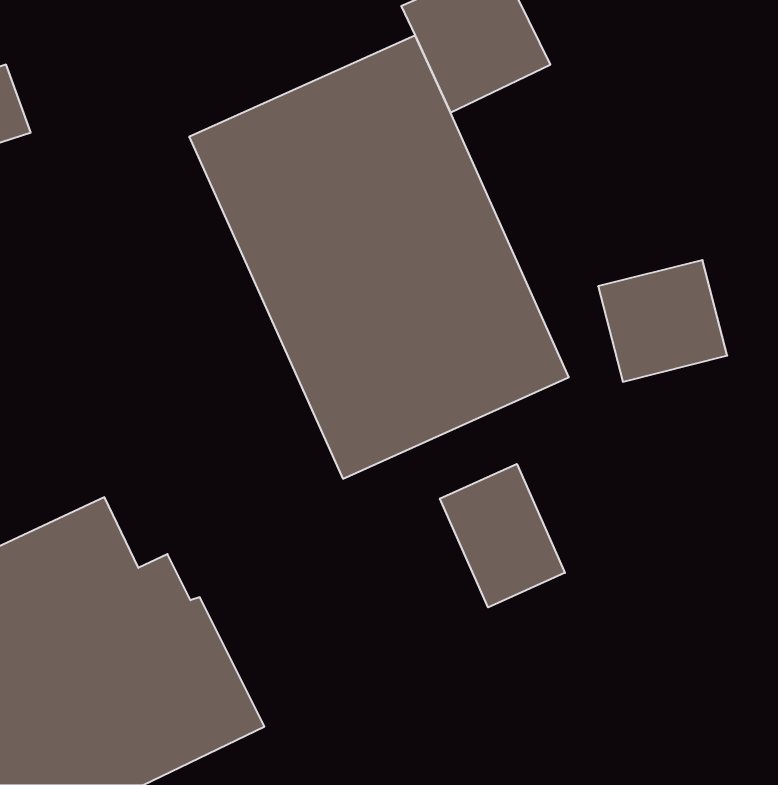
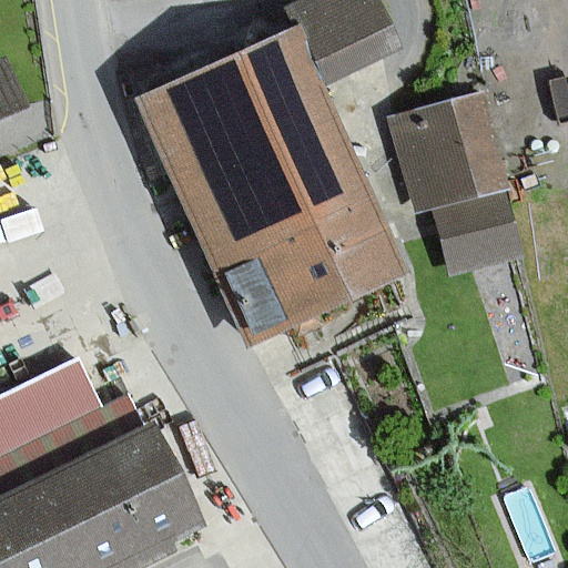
building: none -> [392,93,507,212]
building: [440,464,565,607] -> none

